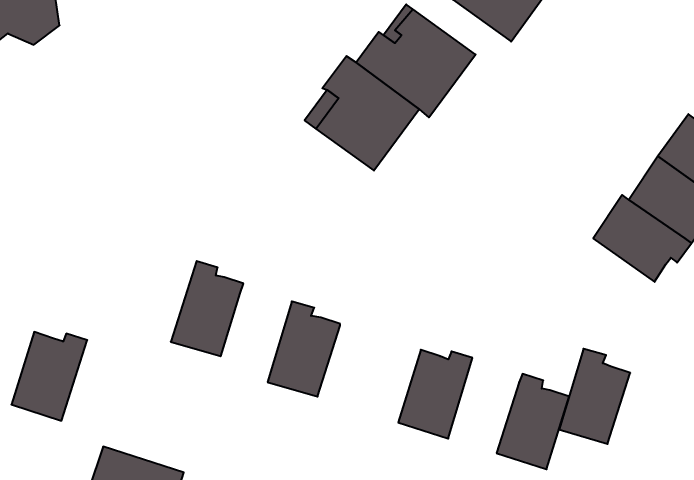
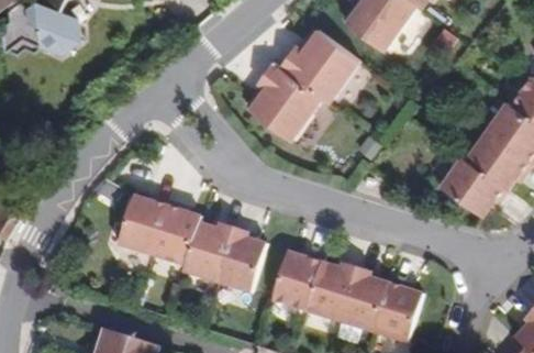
building: none -> [183,223,234,284]
building: [11,332,87,421] -> [118,196,169,256]
building: none -> [272,251,324,311]
building: [559,349,630,444] -> [341,267,389,332]

